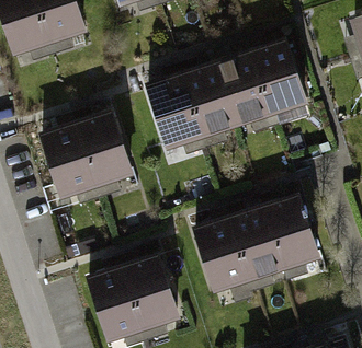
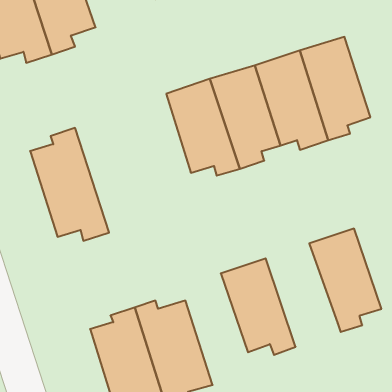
building: [73,107,136,197] -> none
building: [227,206,285,289] -> none

